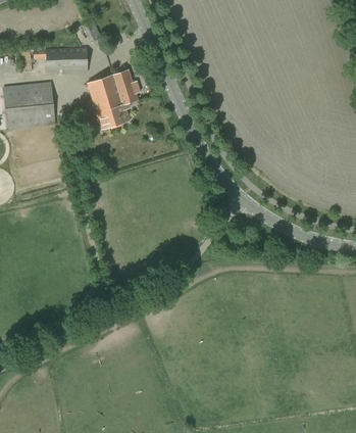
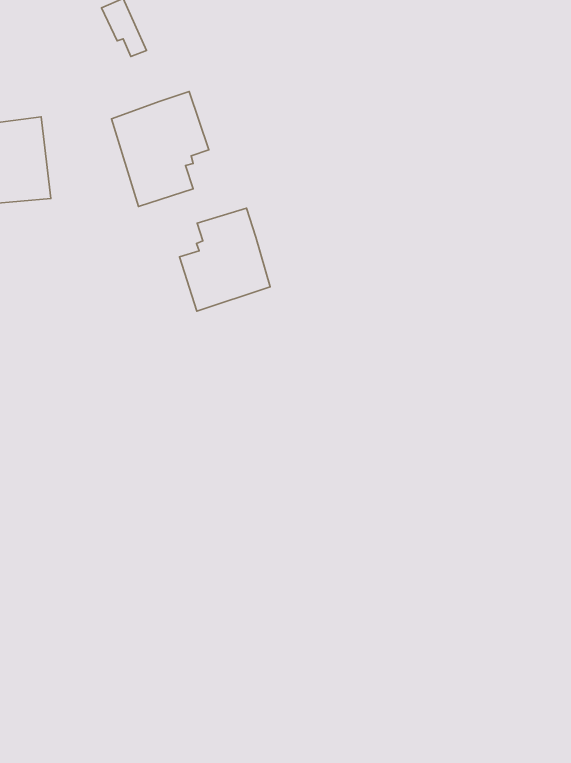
building: [34,46,88,73] -> none
building: none -> [180,208,270,311]

